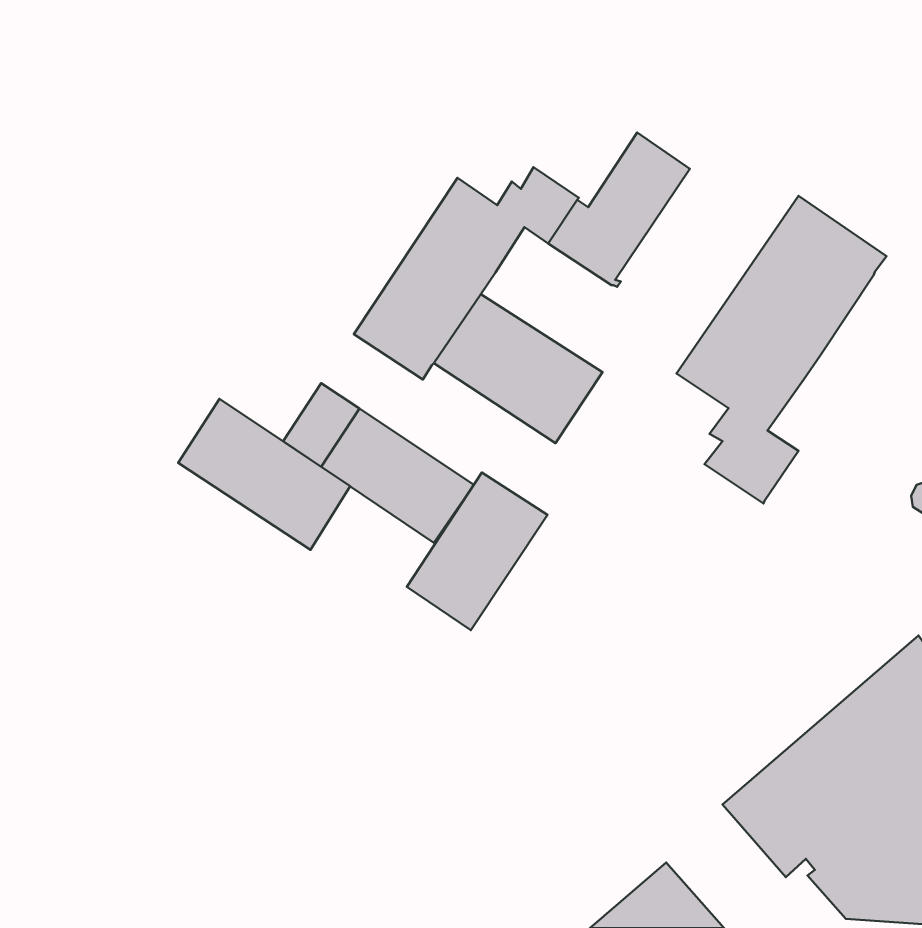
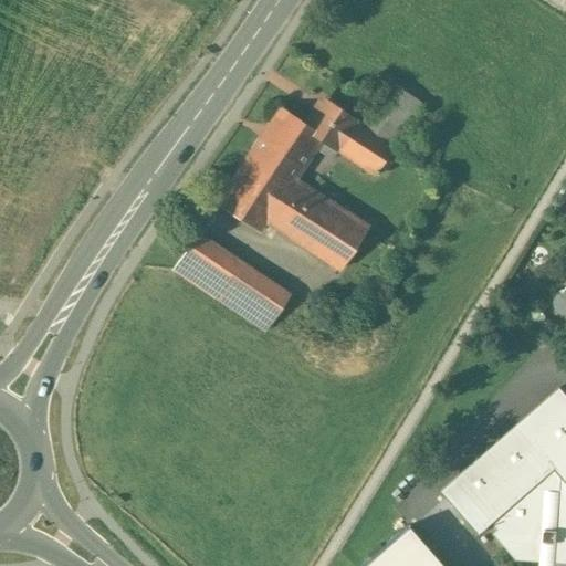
building: [677,196,886,503] -> none
building: [178,399,350,550] -> none
building: [407,472,547,630] -> none

